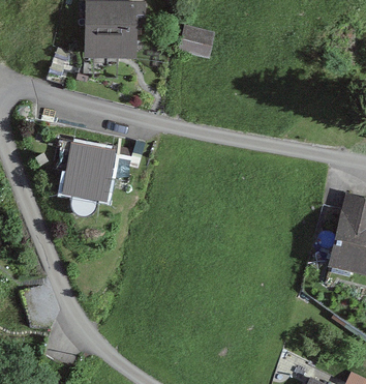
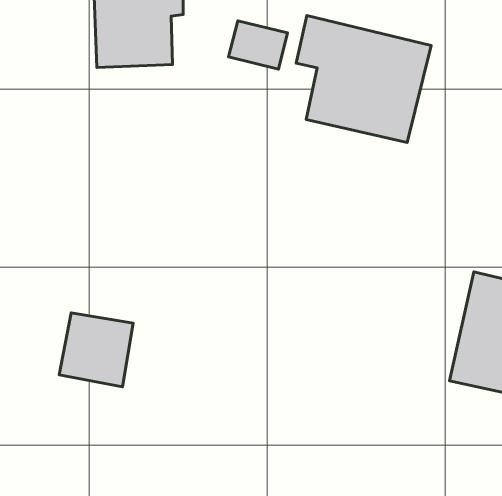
building: none -> [296,15,431,143]
building: [65,145,116,196] -> [59,313,133,387]

